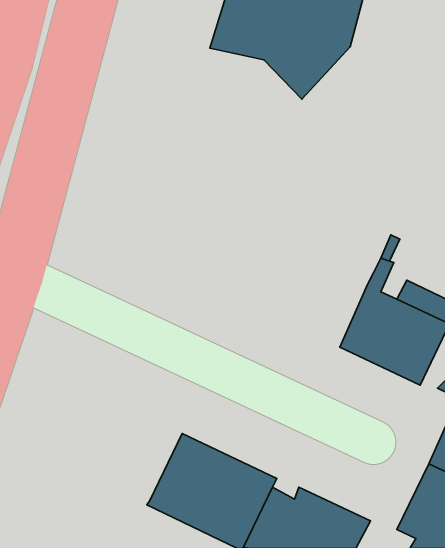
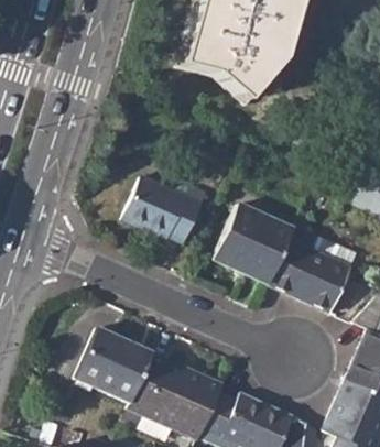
building: none -> [129,177,214,244]
building: none -> [220,206,303,290]
building: none -> [79,327,159,405]

